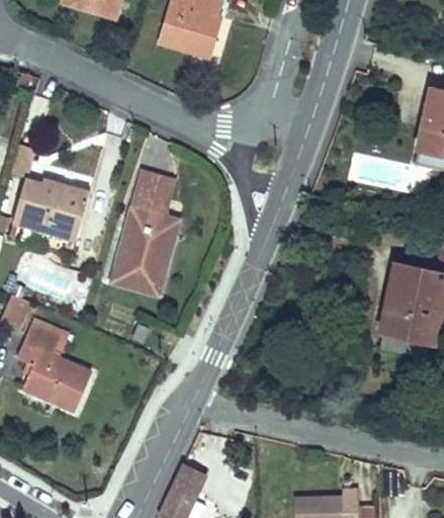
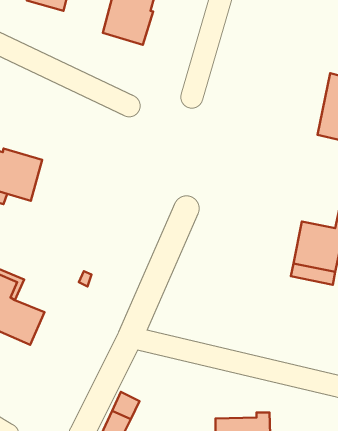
building: [111,170,178,293] -> none

